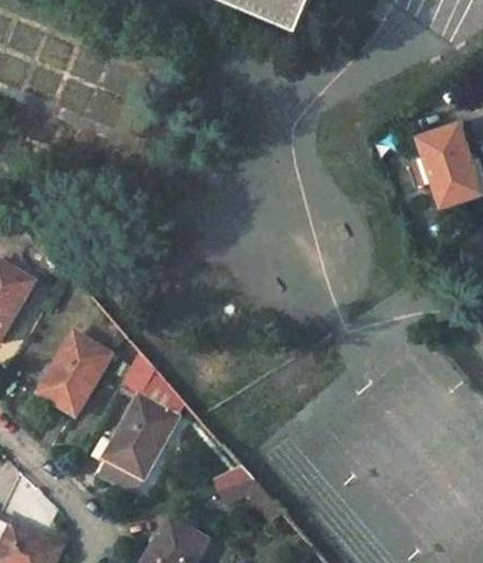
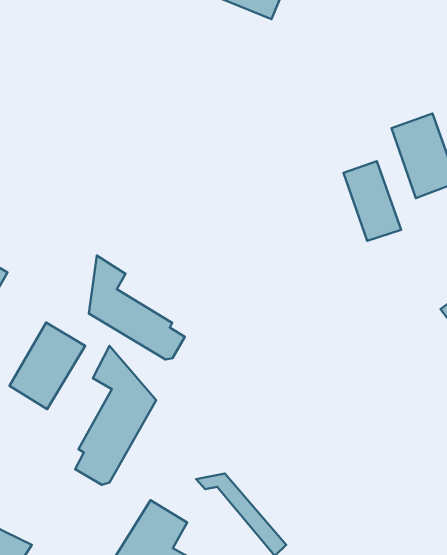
building: none -> [343,161,401,241]
building: none -> [89,255,185,359]

